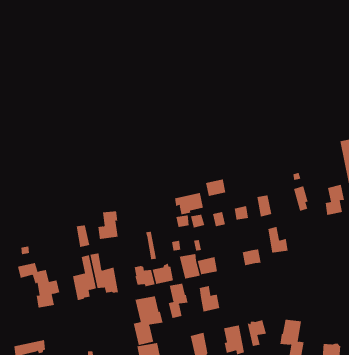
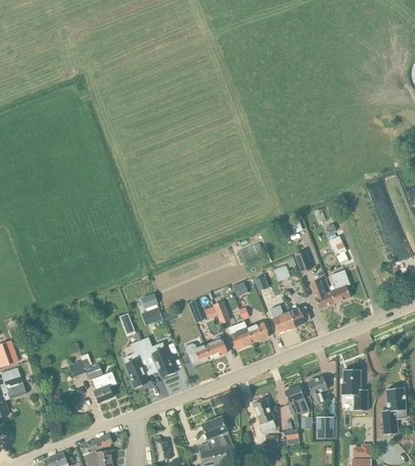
building: [325,184,345,216] -> [331,270,351,304]
building: [175,192,203,215] -> none
building: [168,283,188,319] -> none
building: [199,286,220,312] -> [270,306,294,333]
building: [133,295,163,346] -> none

